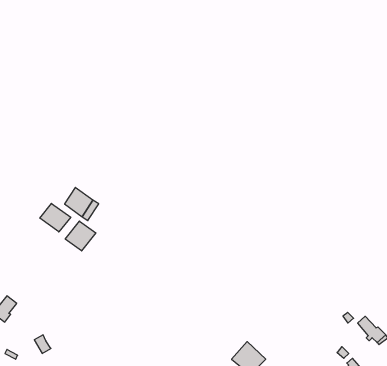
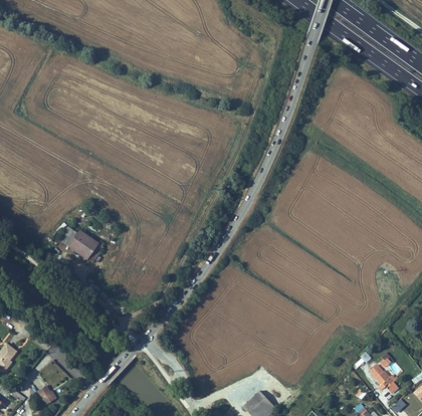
building: [40,203,71,232] -> none
building: [65,221,96,251] -> none

